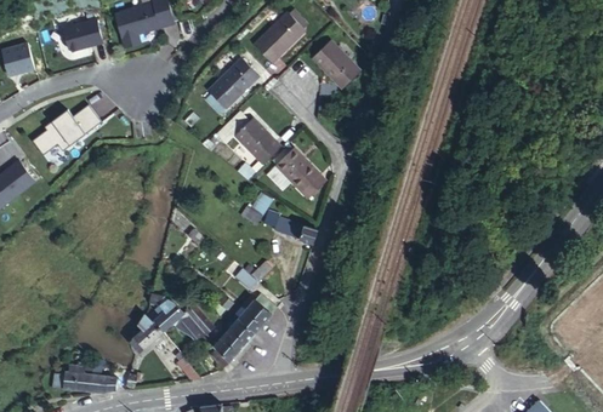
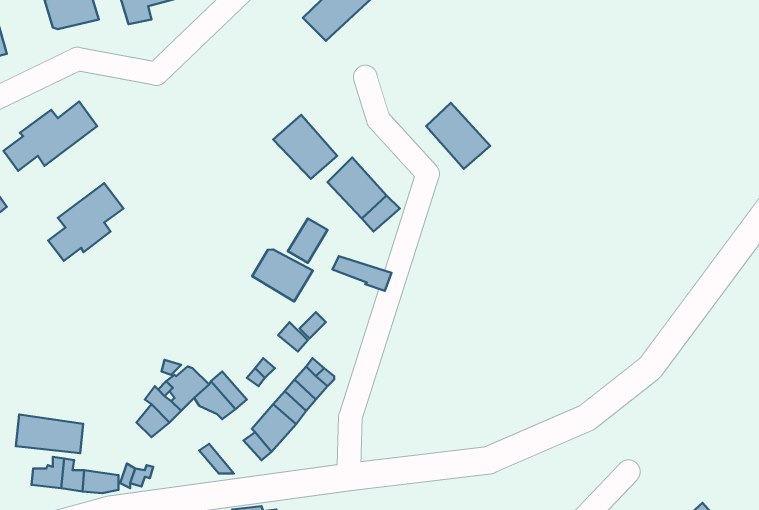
building: [309,40,357,88] -> [426,103,490,169]
building: [206,53,256,102] -> none
building: none -> [48,183,123,261]
building: none -> [252,249,313,301]
building: none -> [16,415,83,453]

